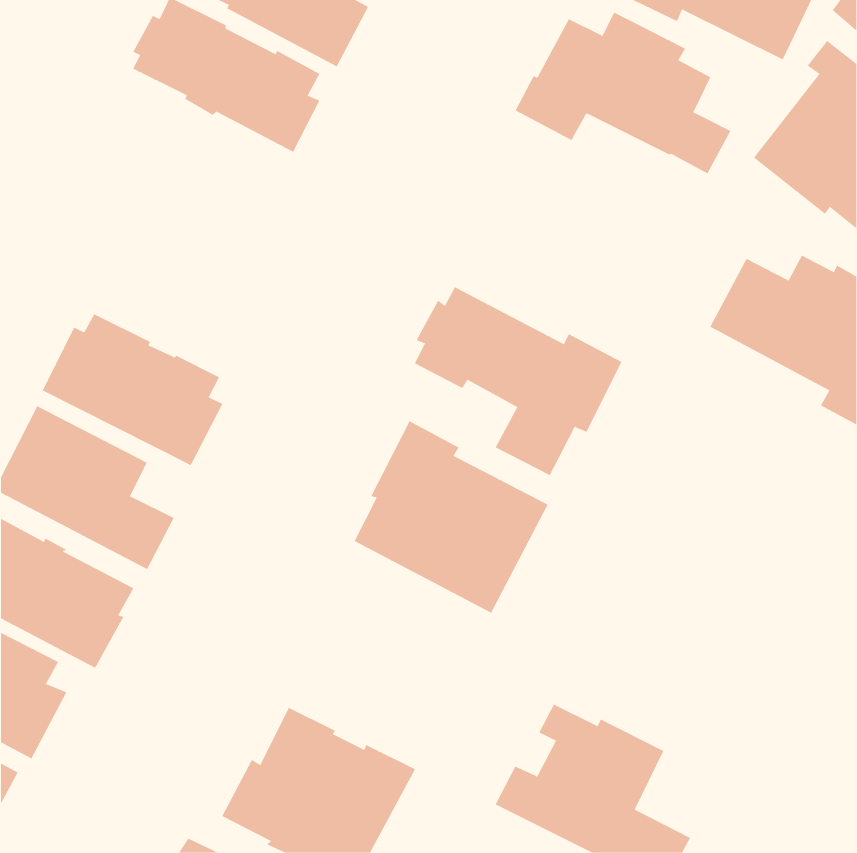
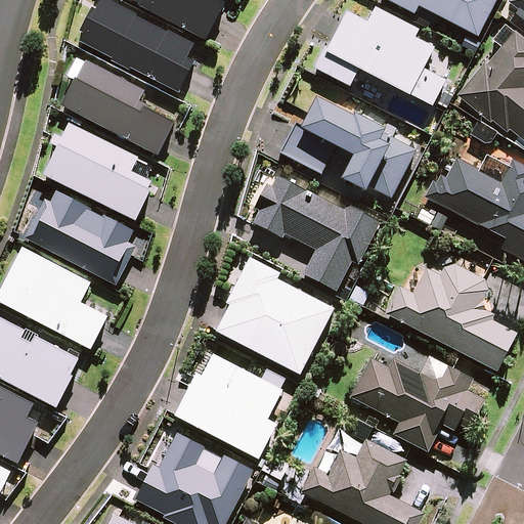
building: none -> [63,57,176,157]
building: none -> [279,97,416,199]
building: none -> [45,124,154,222]
building: none -> [386,255,518,369]
building: none -> [174,353,282,460]
building: none -> [350,358,484,450]

